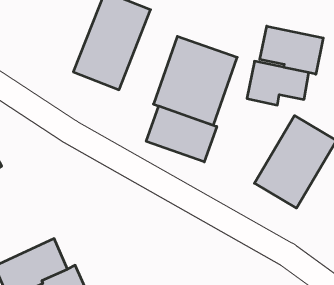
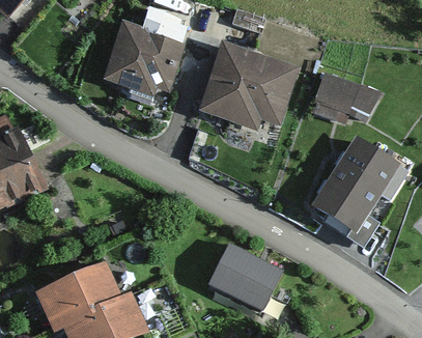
building: [260,26,323,74] -> none
building: [146,106,217,162] -> none
building: none -> [206,246,272,305]

